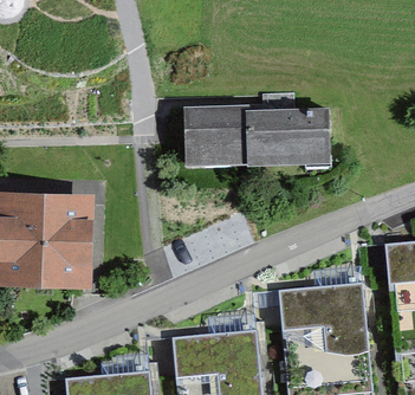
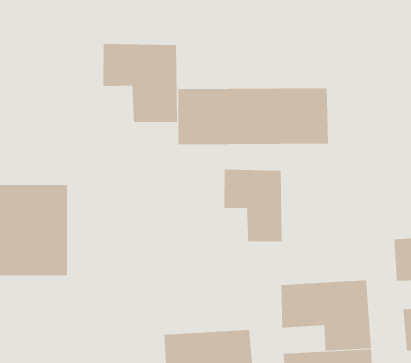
building: none -> [103,43,177,123]
building: none -> [224,169,282,242]

